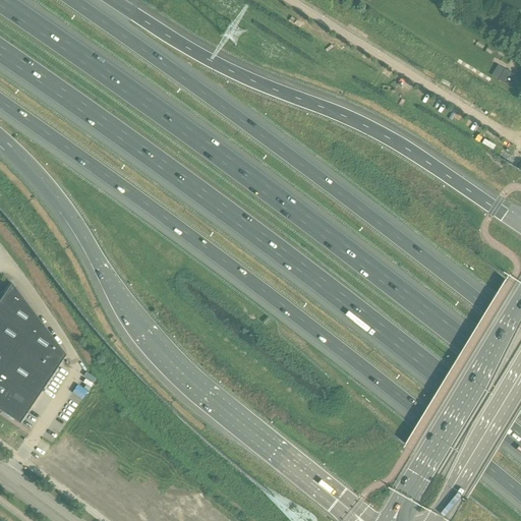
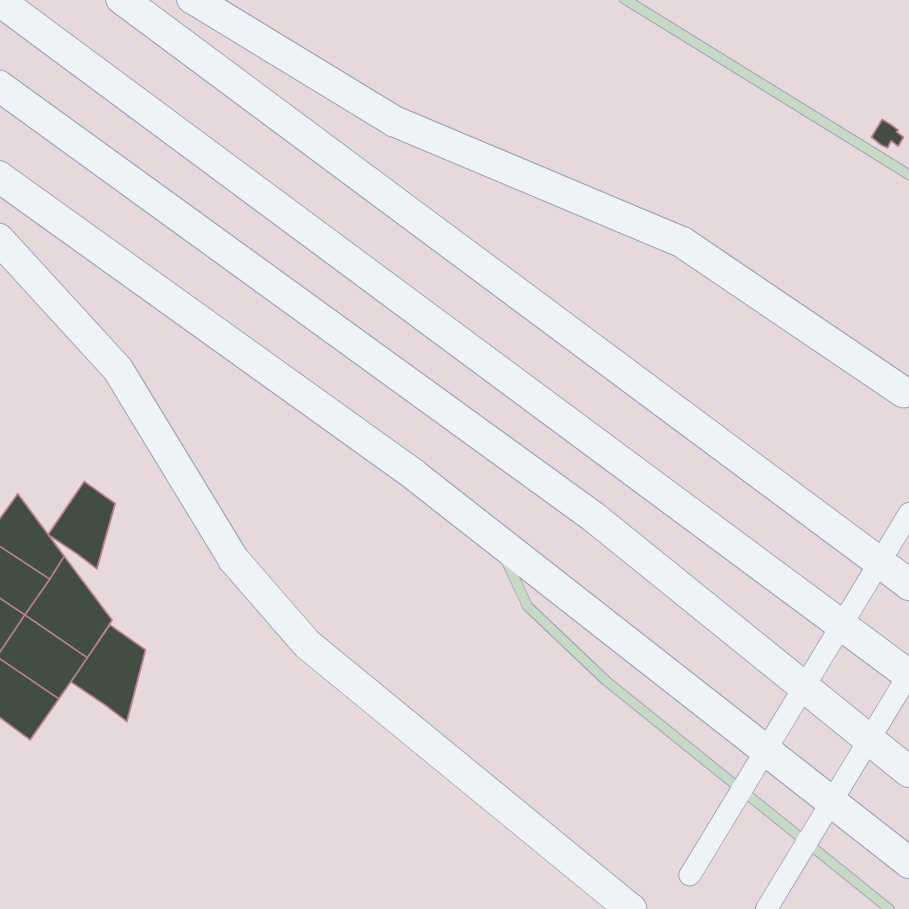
building: none -> [48,482,115,569]
building: none -> [71,625,146,721]

